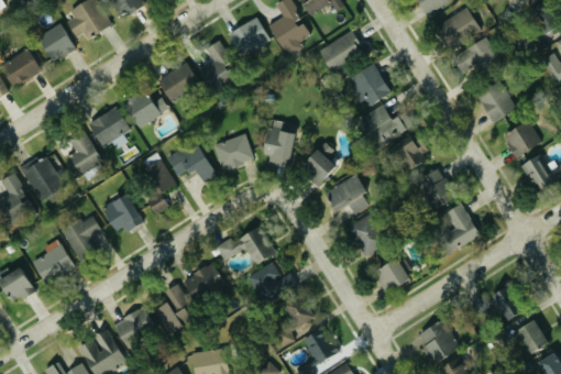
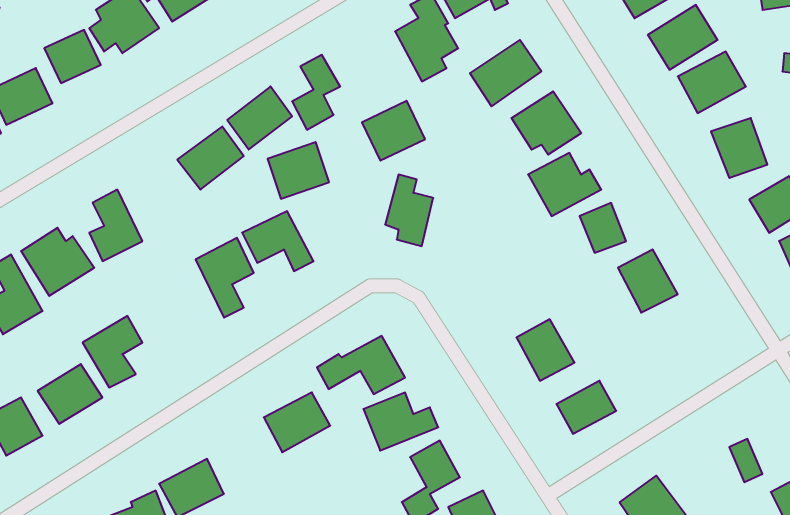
building: [229,16,271,56] -> [362,101,425,161]
building: [88,106,131,149] -> none
building: [213,133,254,171] -> [268,142,329,199]
building: [299,140,336,185] -> none
building: [325,174,373,213] -> none
building: [101,194,142,234] -> none
building: [442,202,480,251] -> none
building: [153,284,197,333] -> none

